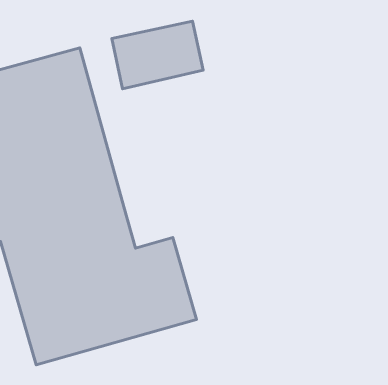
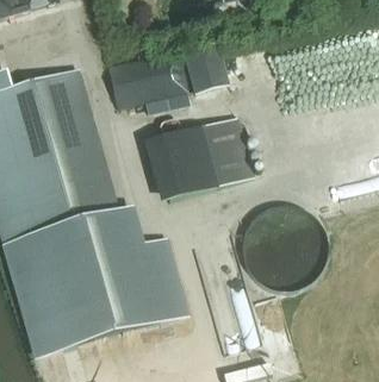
building: none -> [184,42,231,93]
building: none -> [144,117,255,200]

